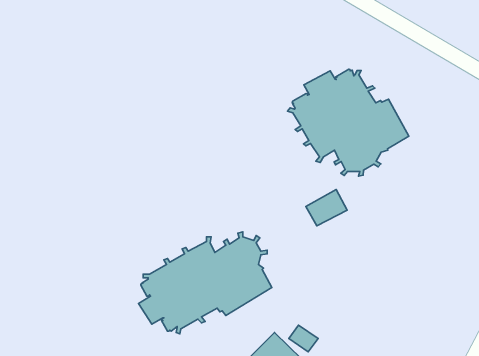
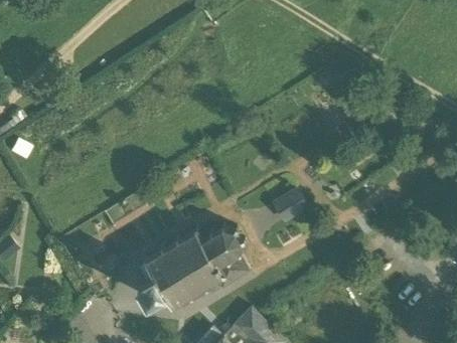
building: [288,69,409,176] -> none

